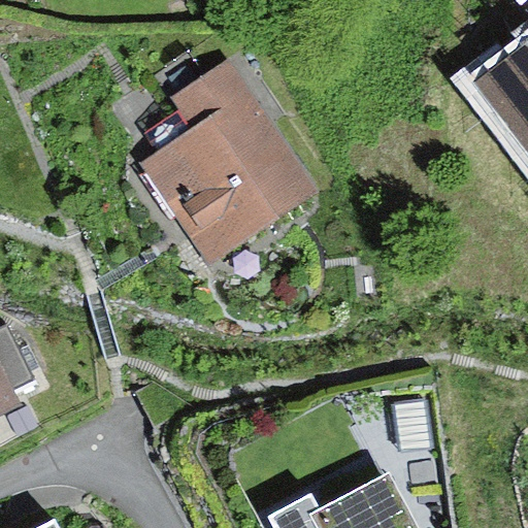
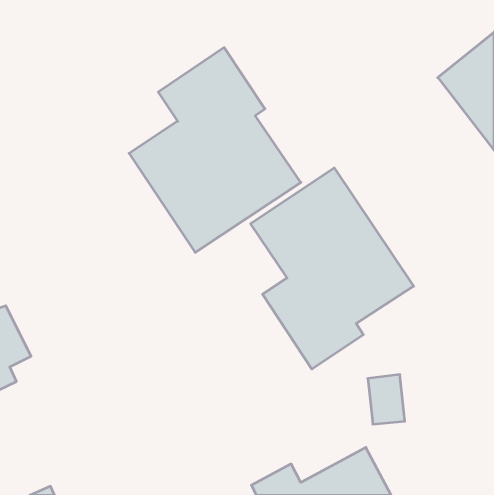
building: none -> [251,168,414,369]

